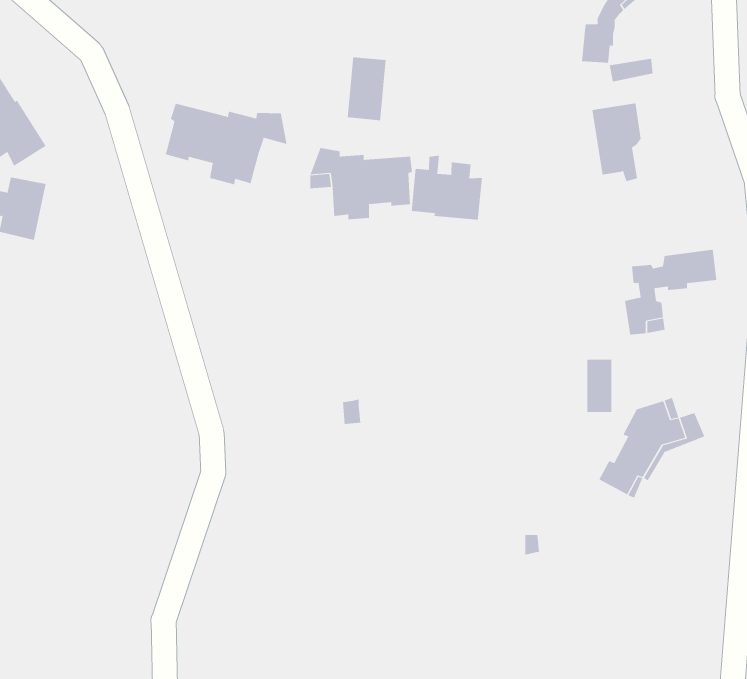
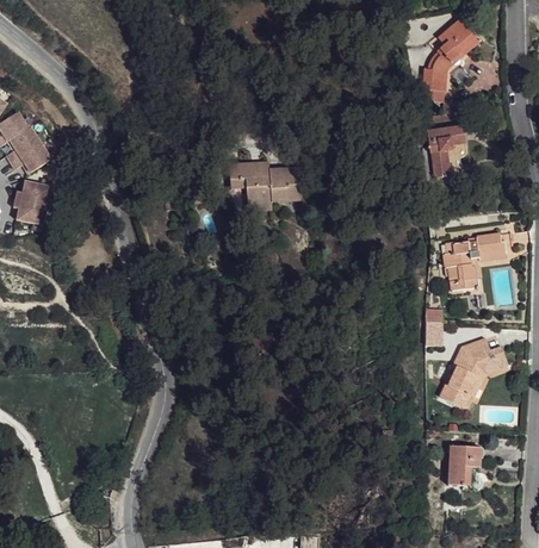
building: [347,57,386,121] -> none
building: [165,103,287,185] -> none
building: [411,155,482,221] -> none
building: none -> [446,444,481,487]

